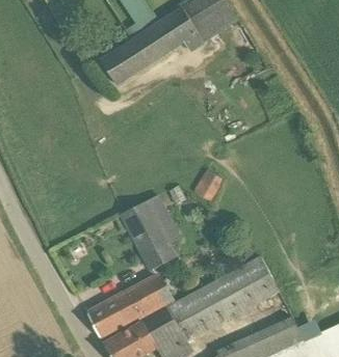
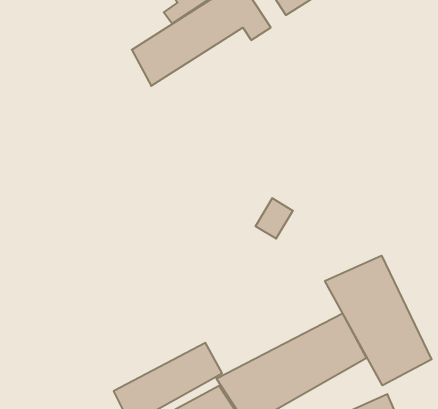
building: [120,196,179,269] -> none
building: none -> [325,256,432,385]

